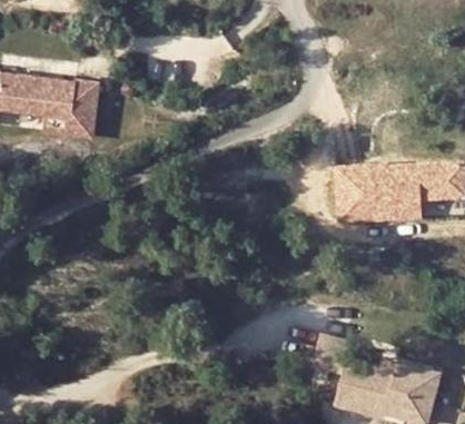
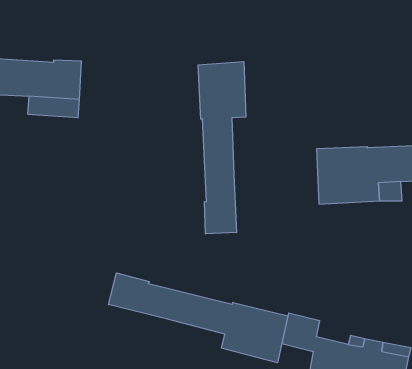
building: none -> [198,62,246,234]
building: none -> [109,273,288,363]

